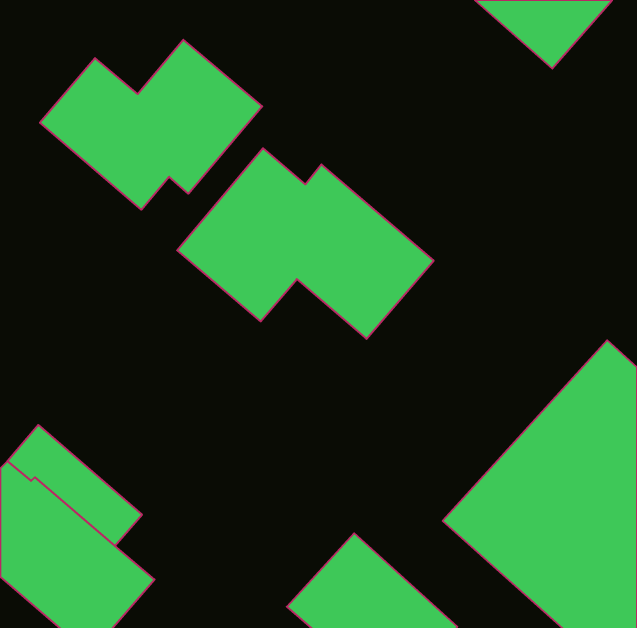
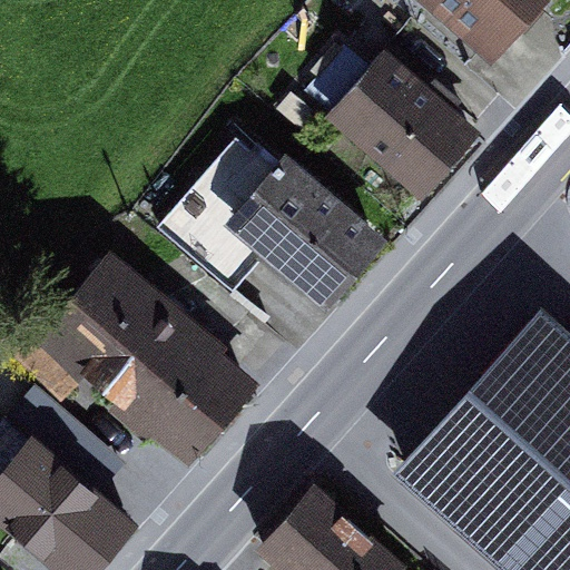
building: [40,40,262,210] -> none
building: none -> [303,49,482,203]
building: none -> [6,245,258,462]

